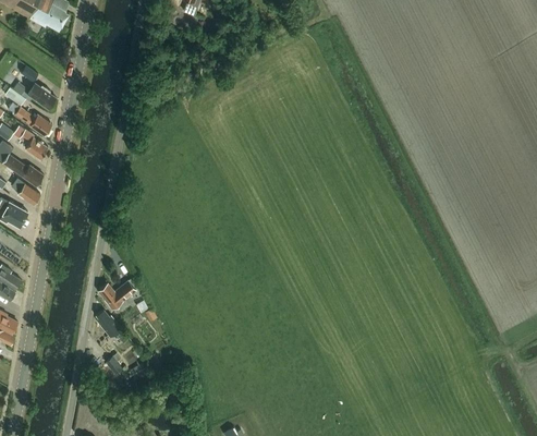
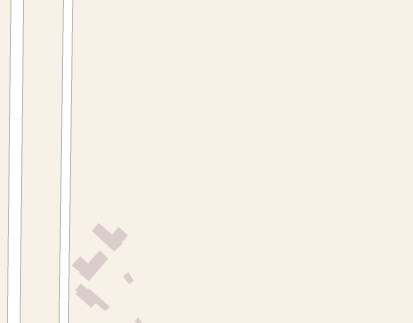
building: none -> [91,222,129,252]

